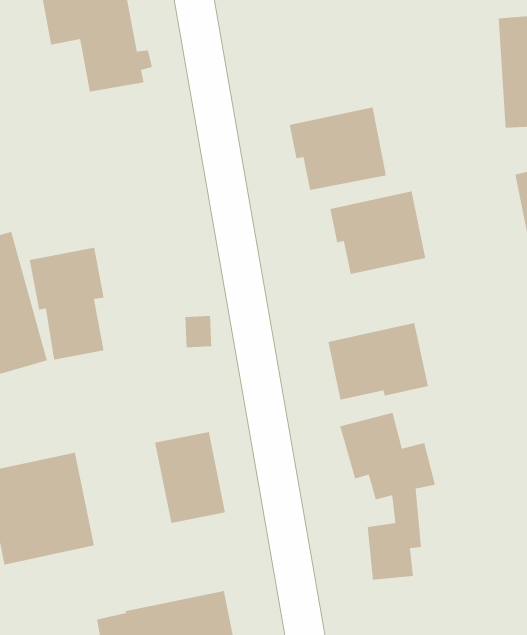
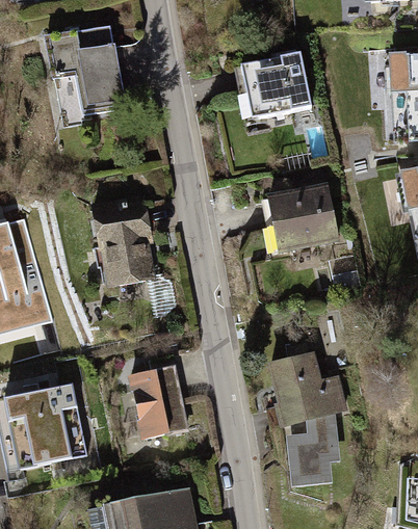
building: [289,107,387,191] -> [236,54,310,117]
building: [29,247,105,360] -> [93,199,150,284]
building: [327,322,429,401] -> none

